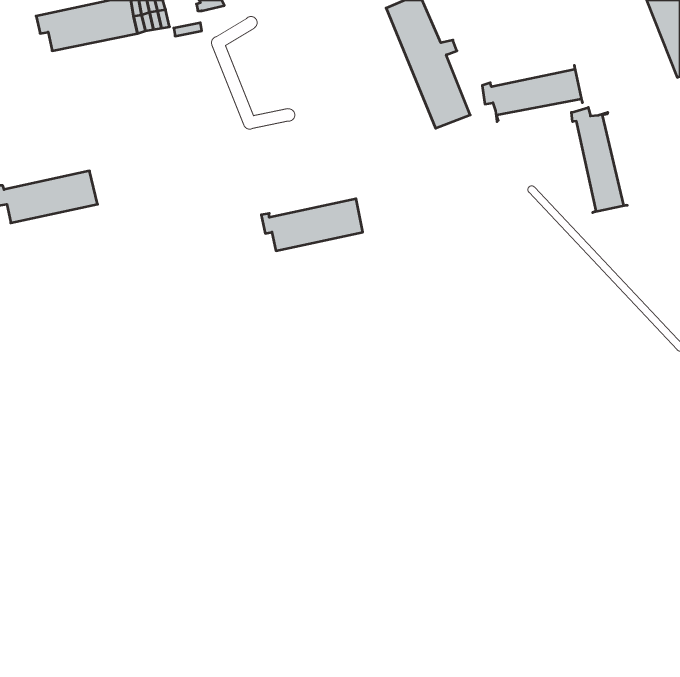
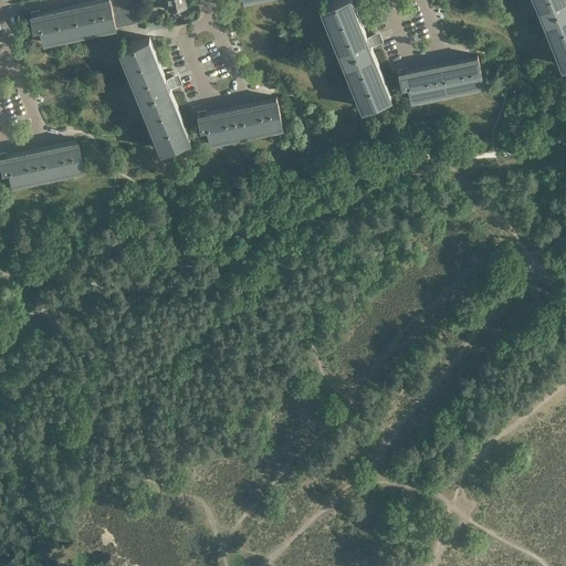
building: none -> [118,41,188,154]
building: [571,107,627,213] -> none
building: [261,199,363,251] -> [197,104,281,147]

